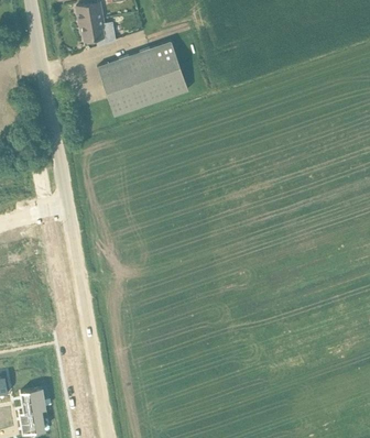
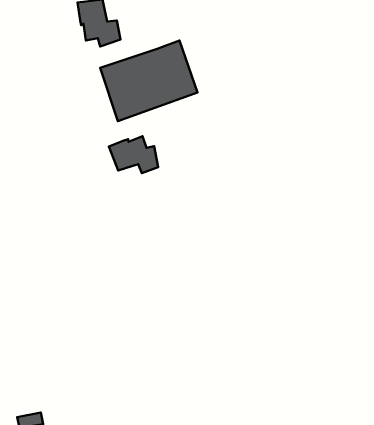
building: none -> [109,136,158,173]

